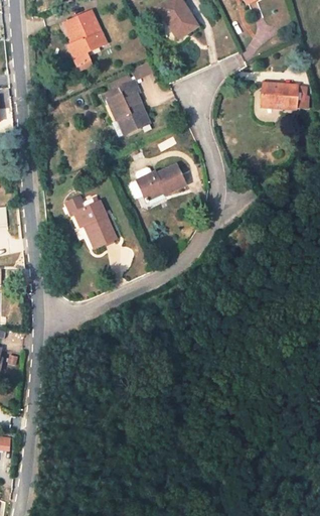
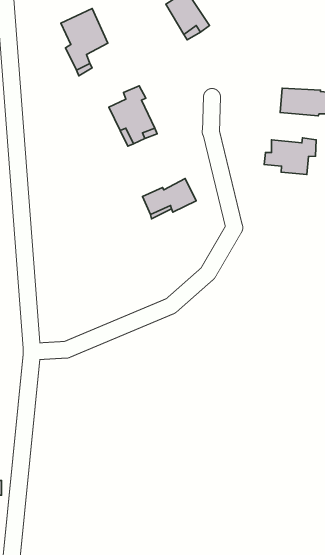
building: none -> [264,138,316,174]
building: [65,196,115,245] -> none

